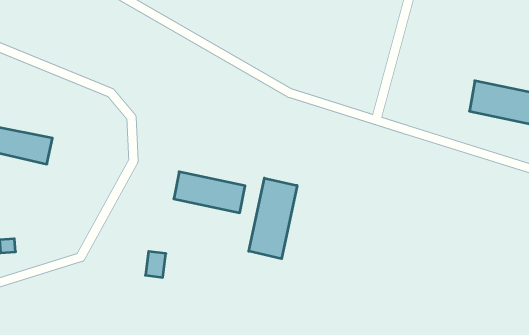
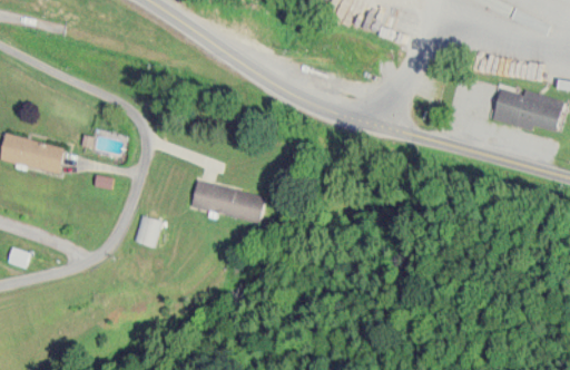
building: [249,178,297,259] -> none
building: [145,251,166,277] -> [138,218,159,245]

